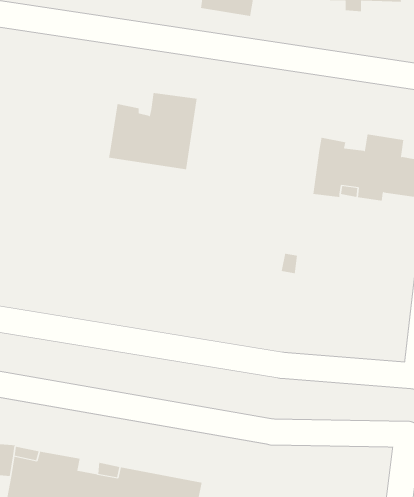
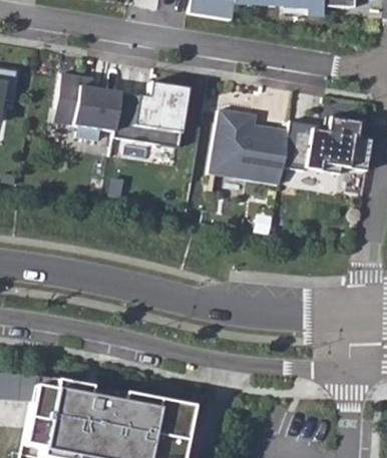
building: none -> [54,73,120,140]
building: none -> [210,109,288,184]

